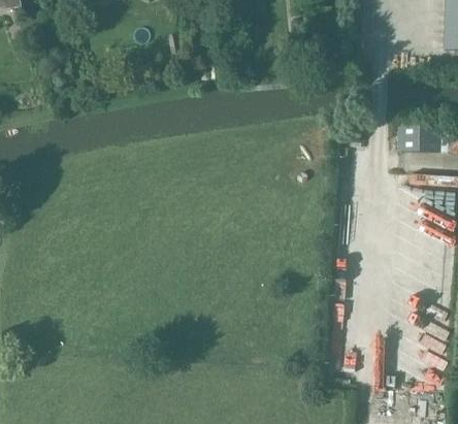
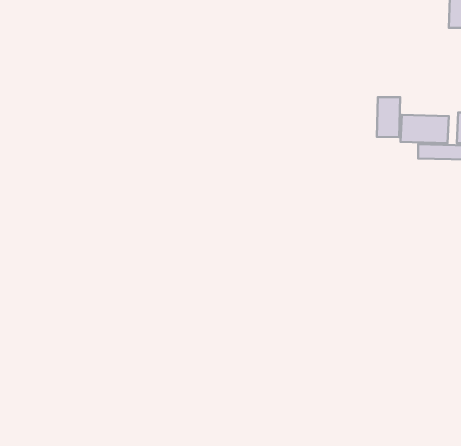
building: none -> [377,97,400,137]

